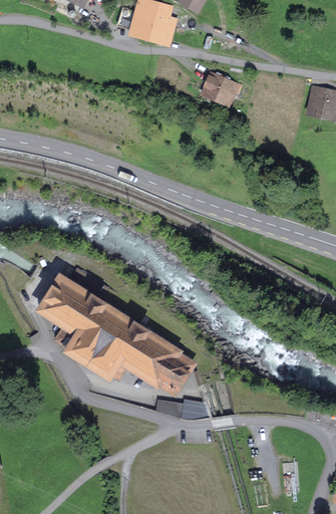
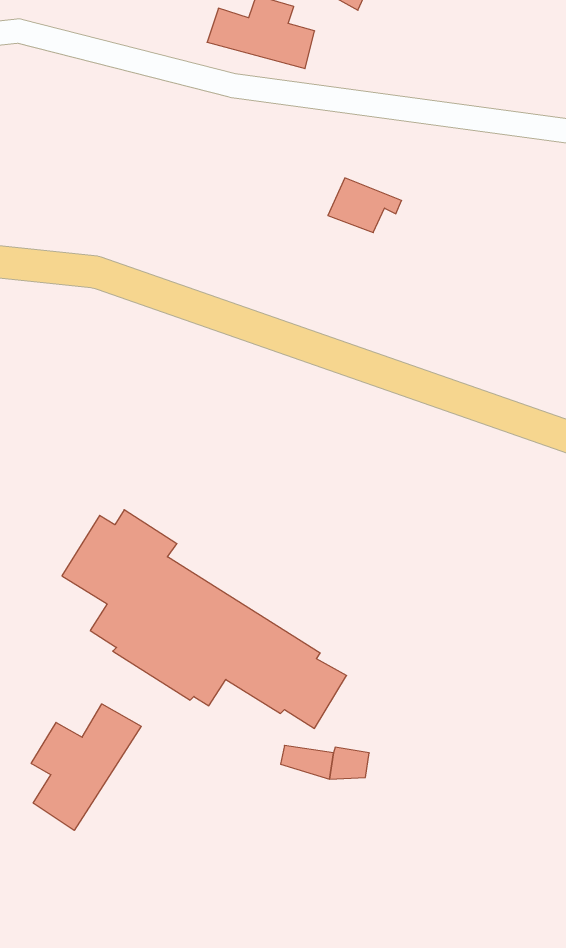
building: [202,73,241,102] -> [328,178,402,233]
building: none -> [31,704,141,830]

